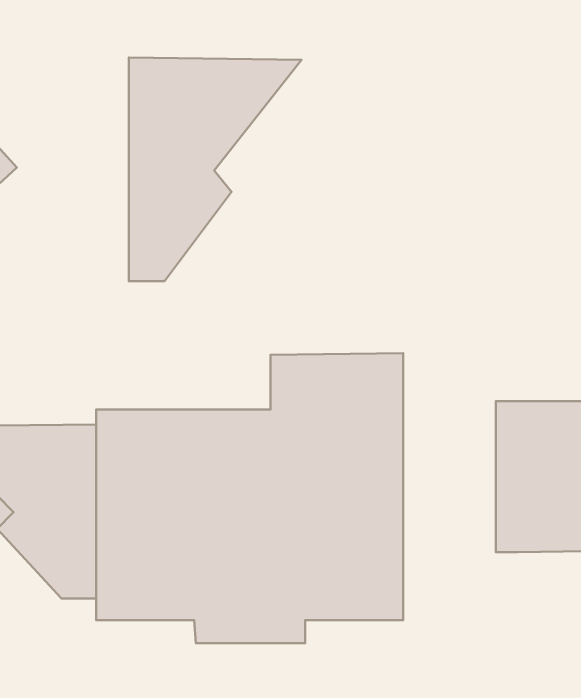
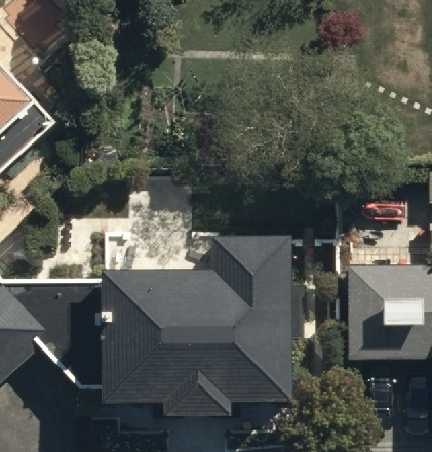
building: [129,58,302,281] -> none

